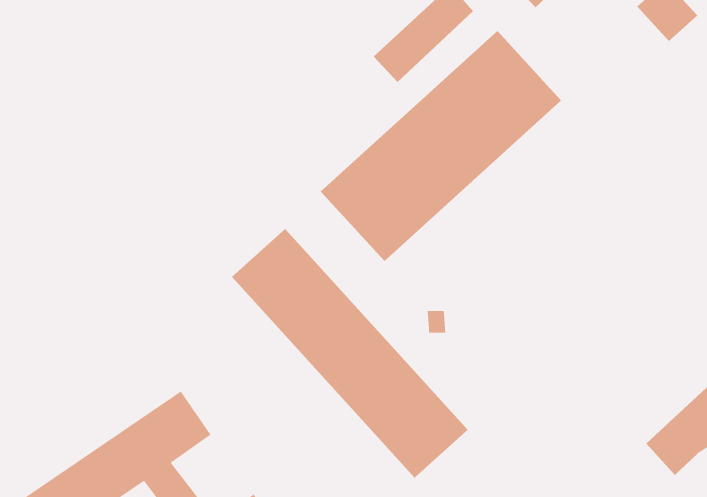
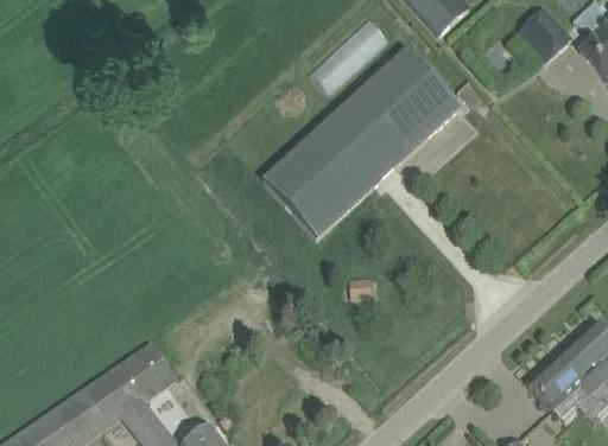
building: [231,228,468,478] -> none

